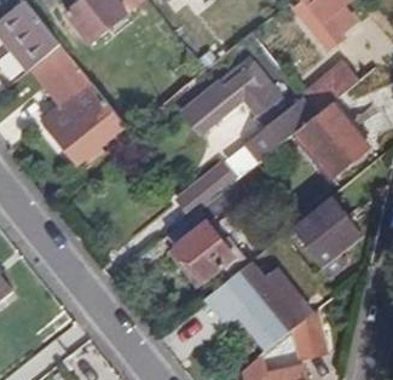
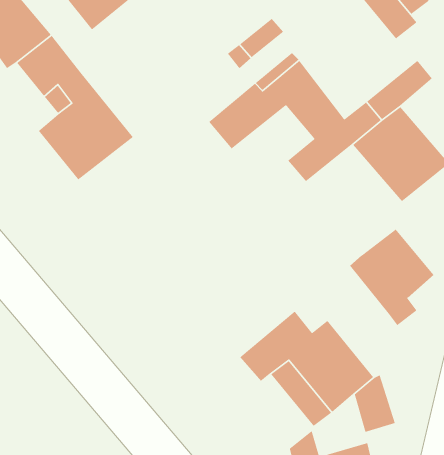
building: [167,163,248,275] -> none

